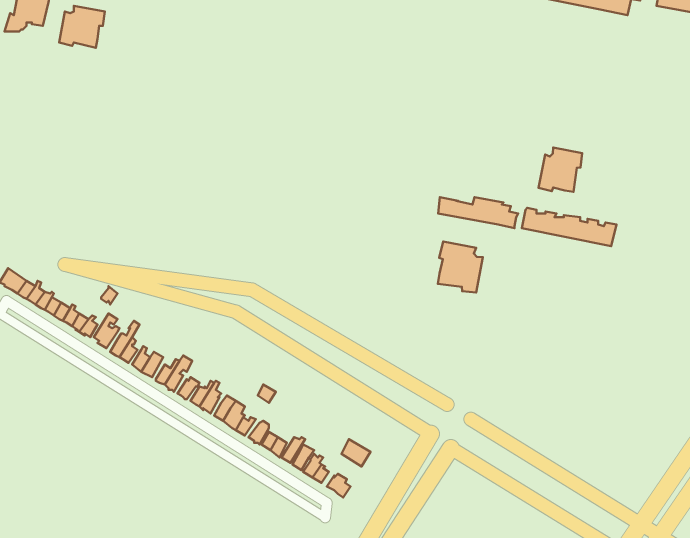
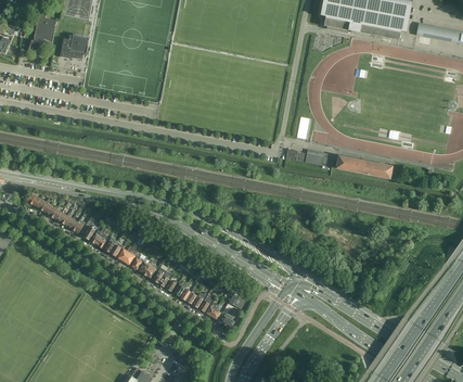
building: [539,147,582,192] -> none
building: [438,241,483,292] -> none

